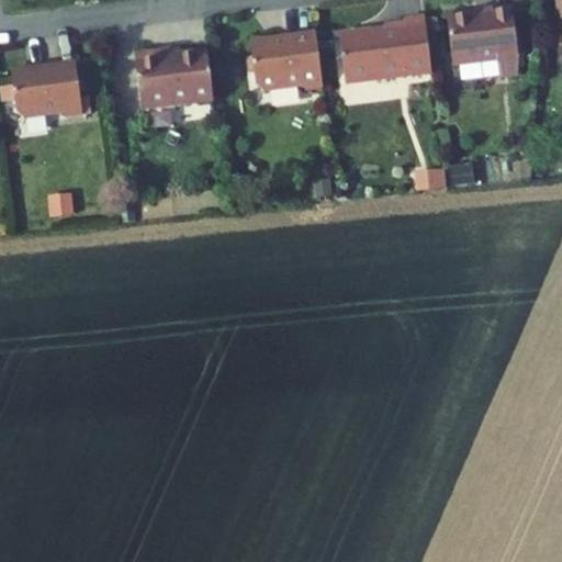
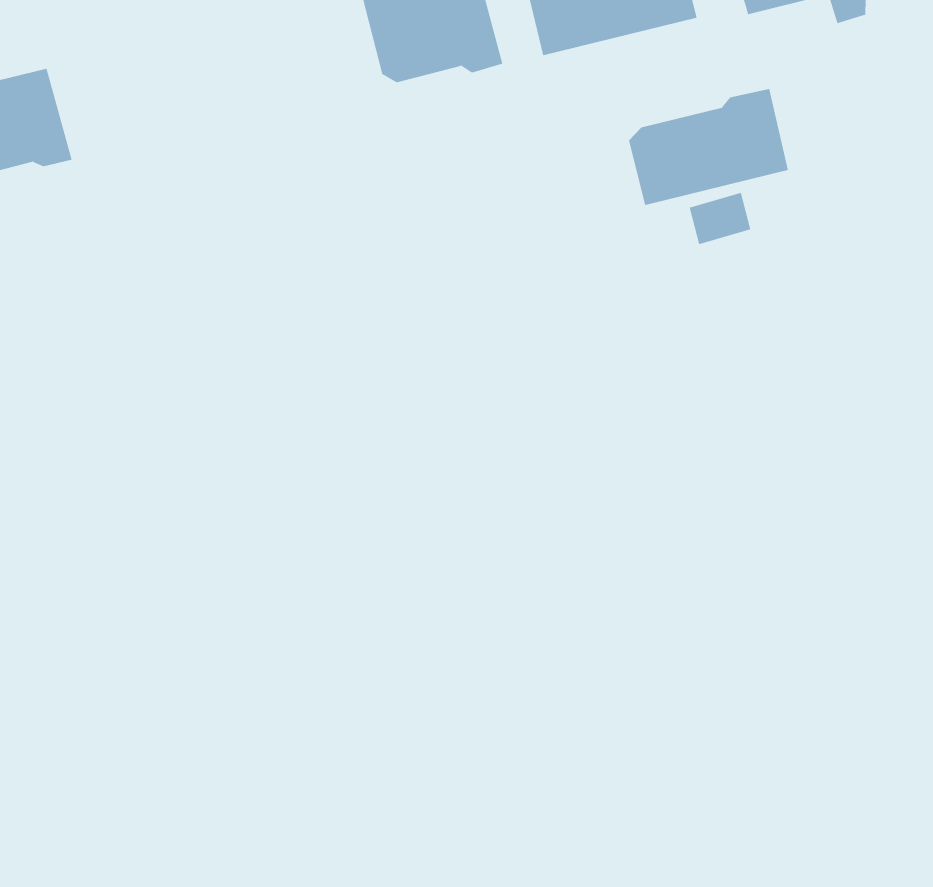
building: [133,48,213,109] -> none
building: none -> [629,88,789,206]

